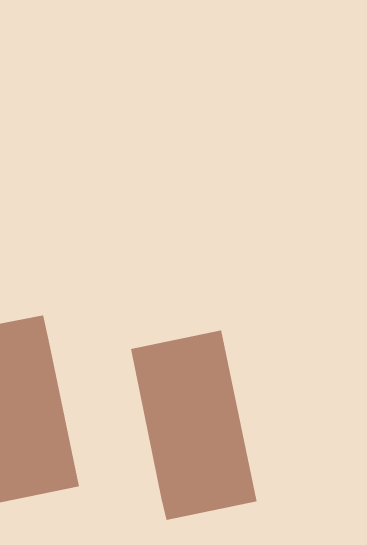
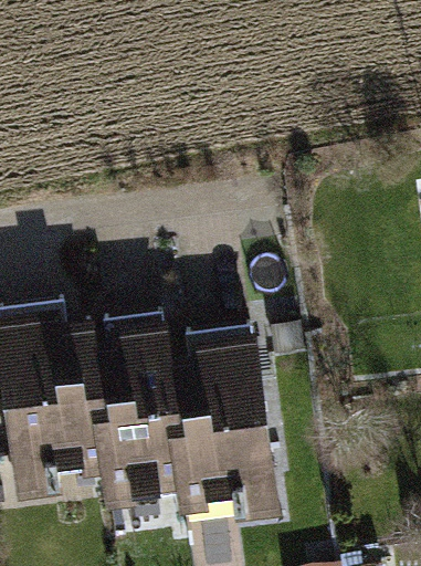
building: none -> [90,329,181,501]

